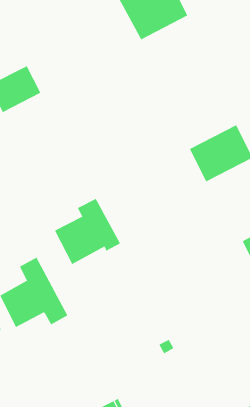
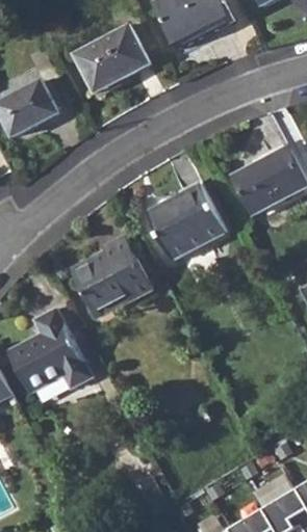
building: none -> [75,24,149,91]
building: none -> [149,184,226,262]

